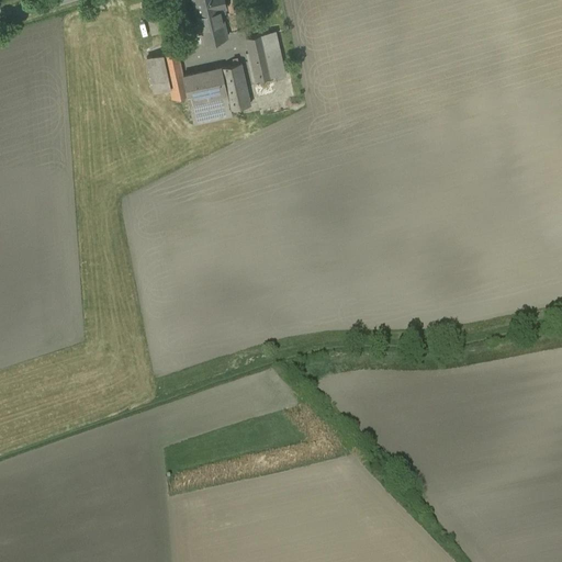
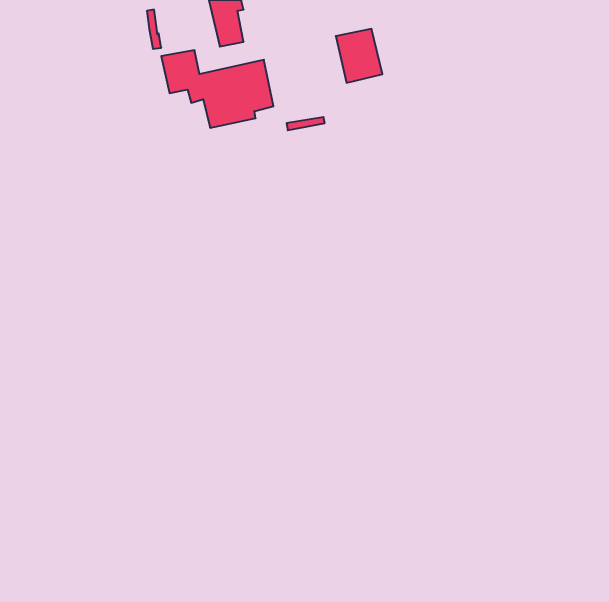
building: [245,31,288,80] -> [336,29,382,83]

